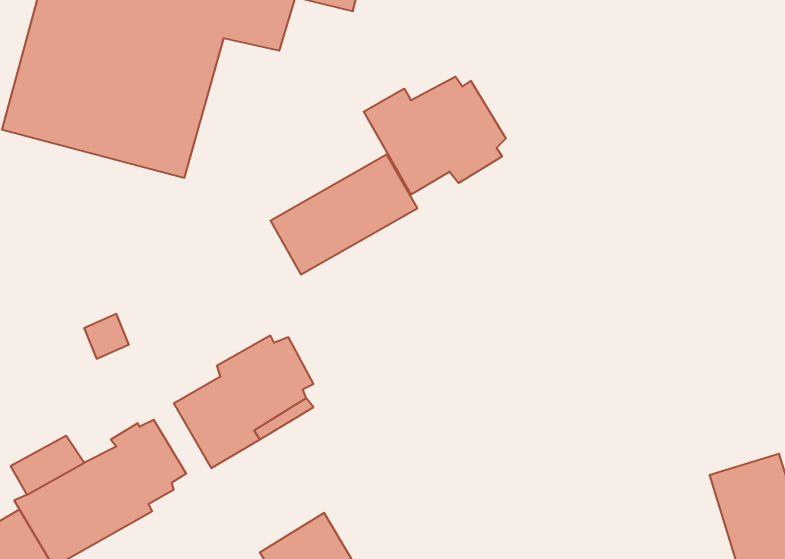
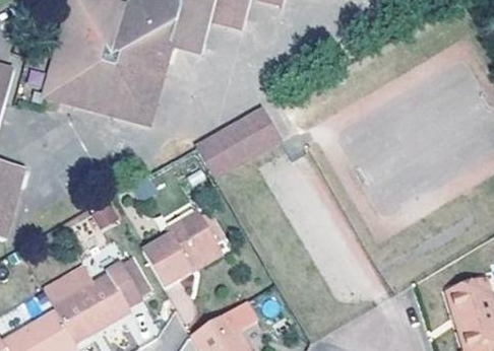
building: [364,77,506,194] -> none

